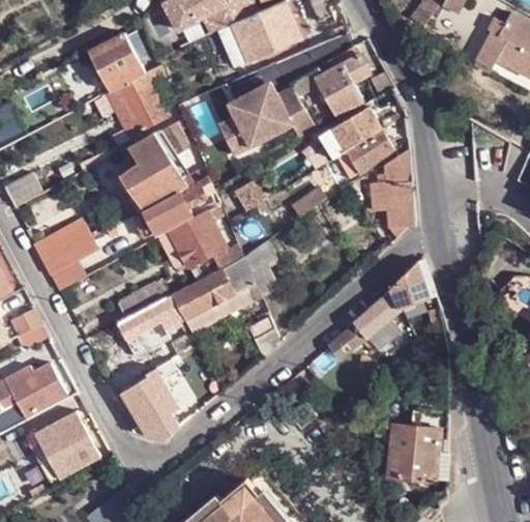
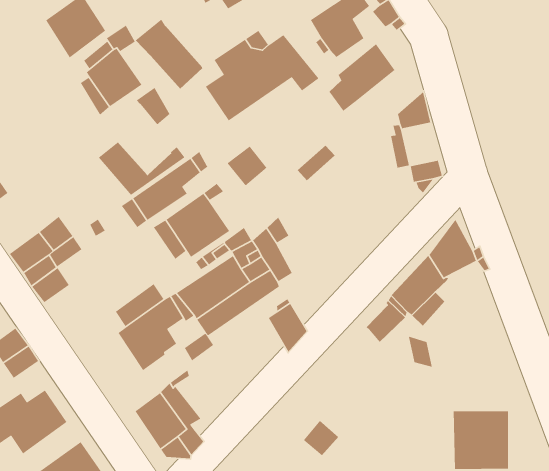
building: [127,129,182,192] -> [135,19,203,89]
building: [347,129,393,170] -> none
building: [381,178,409,212] -> none

